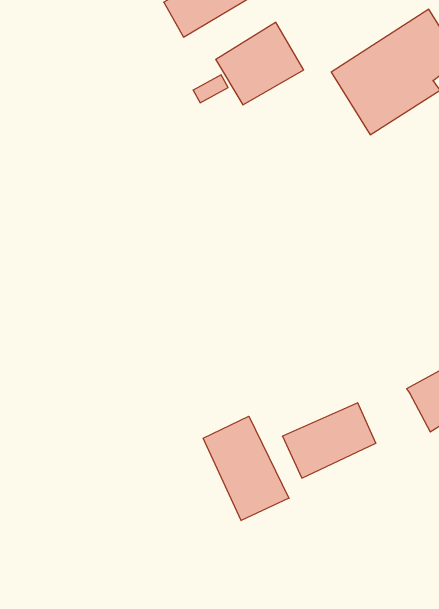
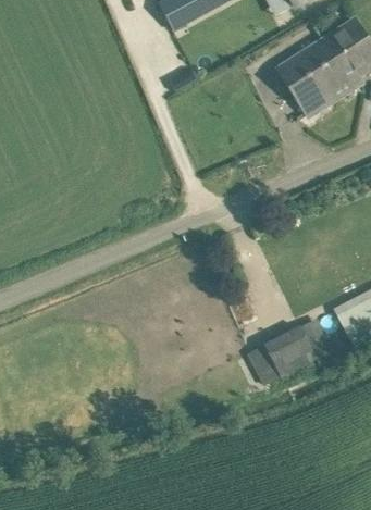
building: [216,22,304,105] -> none
building: [203,416,289,521] -> none

